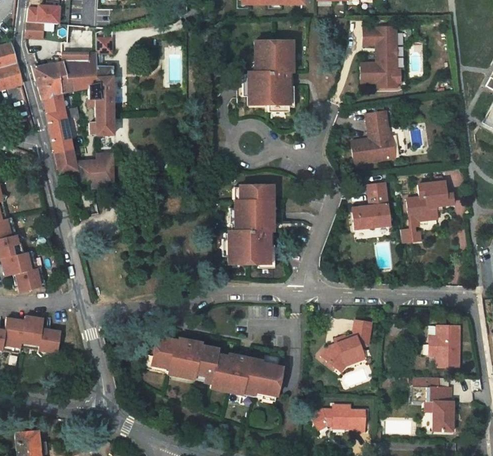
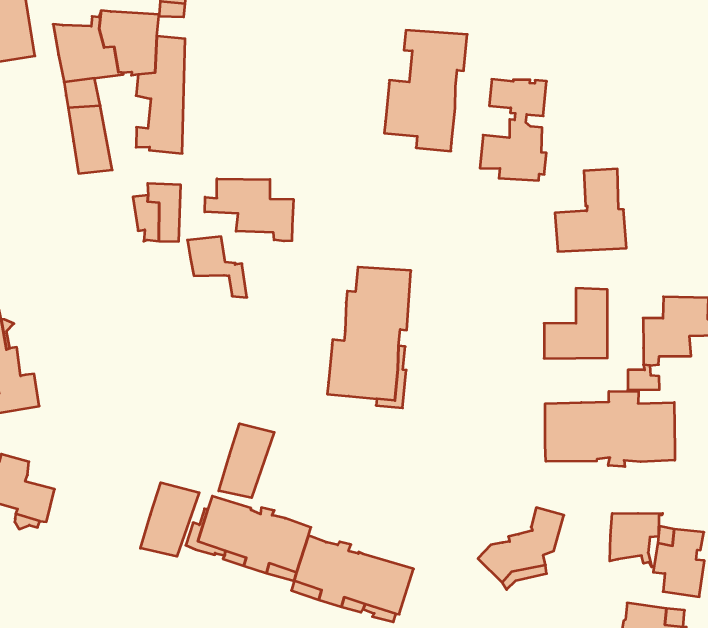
building: [358,27,397,88] -> [480,79,547,180]
building: none -> [205,179,293,241]
building: [60,143,99,178] -> [187,237,247,297]
building: none -> [545,391,675,467]
building: none -> [219,424,274,498]
building: none -> [610,513,663,567]
building: none -> [140,483,199,556]

